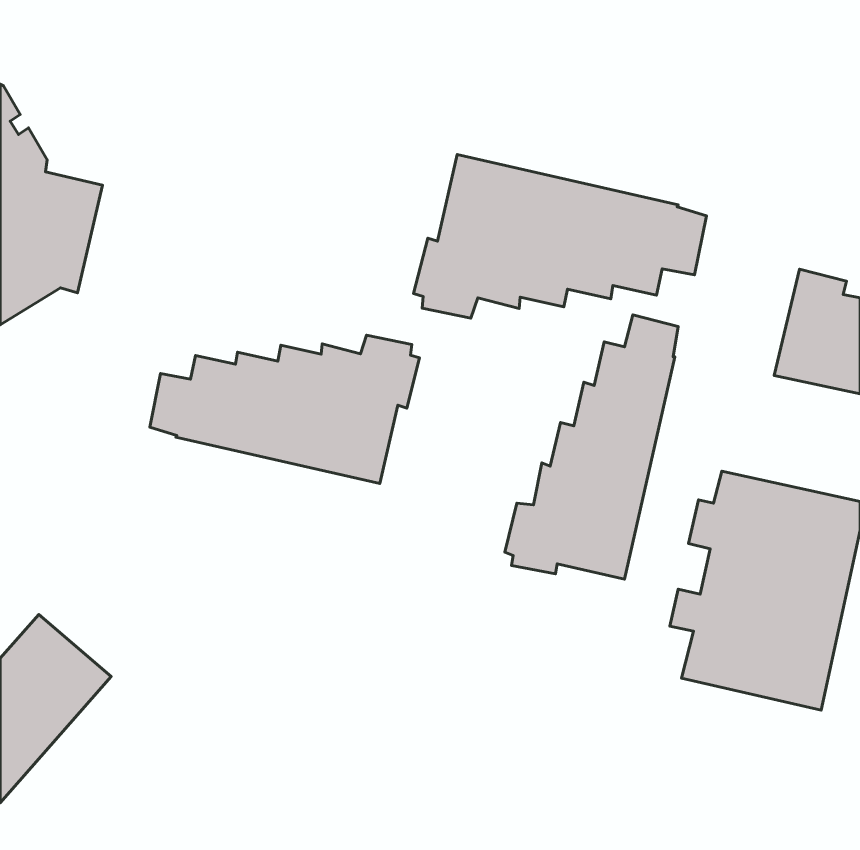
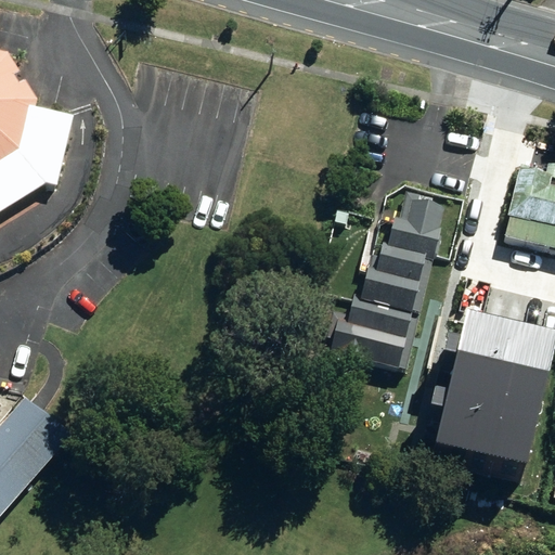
building: [414,155,706,318] -> none
building: [150,335,420,484] -> none

